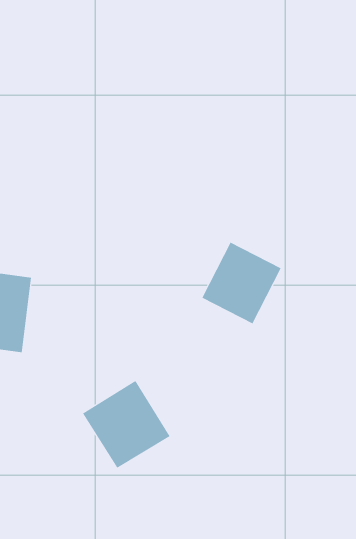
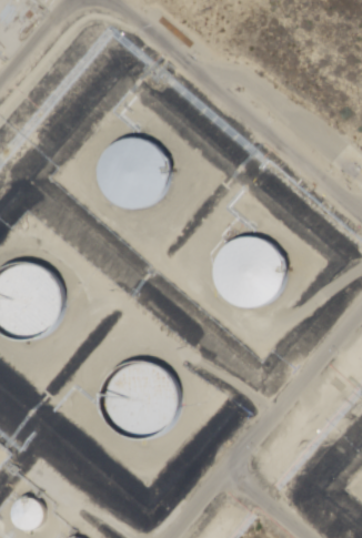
building: none -> [109,141,157,206]

